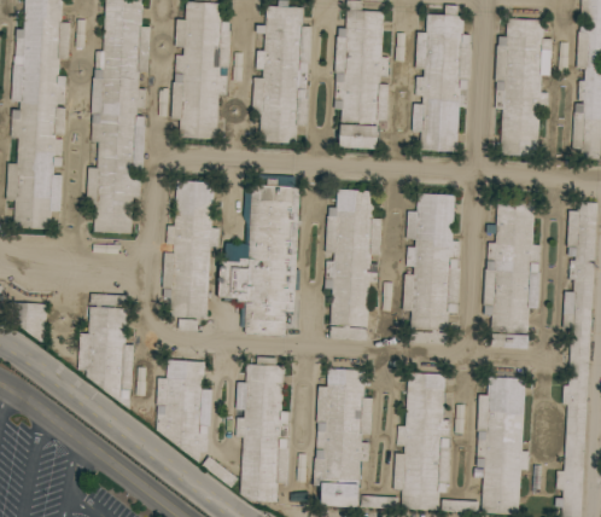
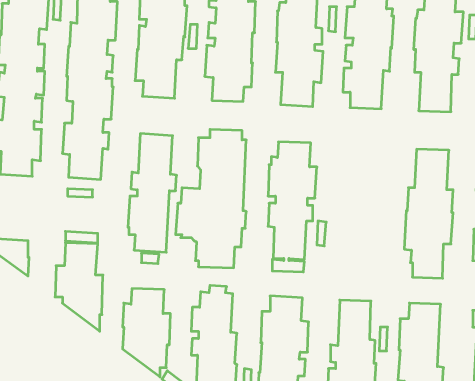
building: [402,192,460,343] -> none

